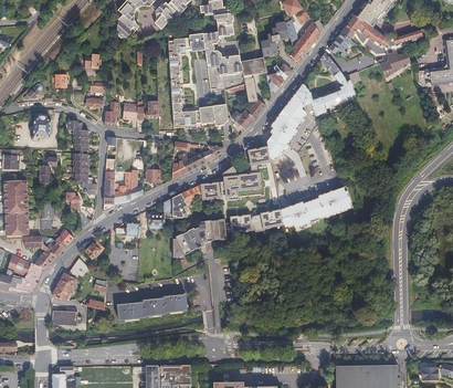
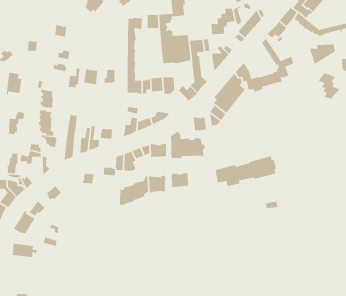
building: none -> [318,72,340,99]
building: [250,209,282,231] -> none
building: [116,295,186,322] -> none

